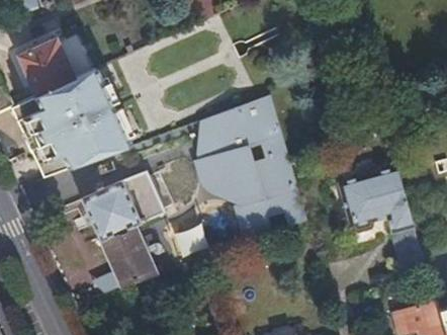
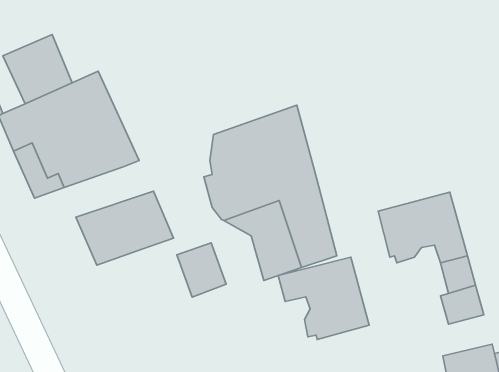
building: [96,219,160,295] -> none
building: none -> [278,257,369,340]

